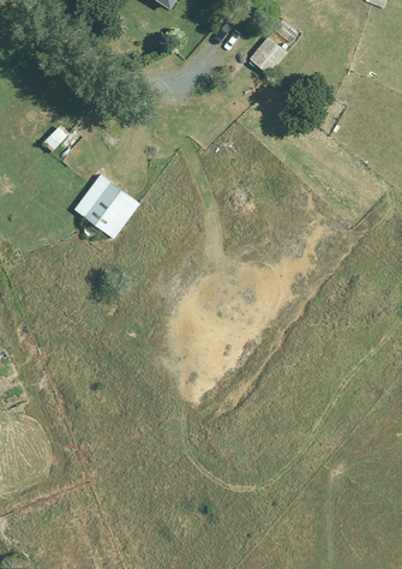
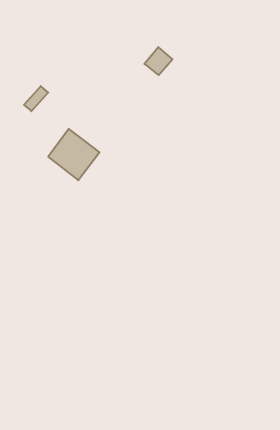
building: [250,36,286,72] -> [144,47,172,75]

